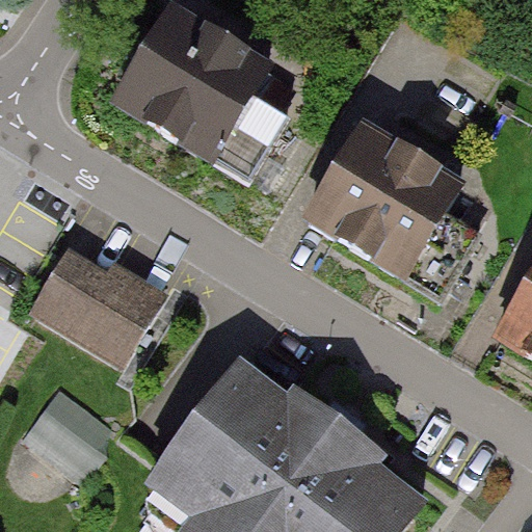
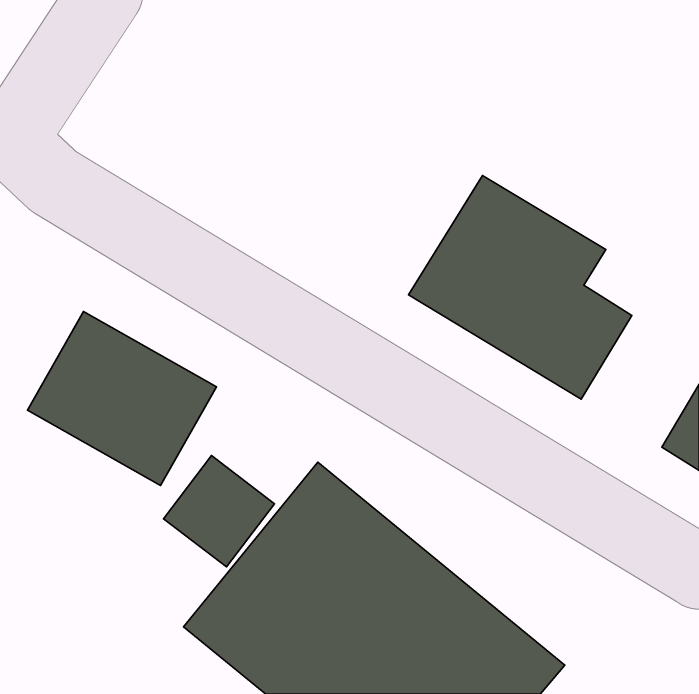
building: [118,14,287,184] -> none
building: [26,391,110,475] -> [163,456,274,567]

